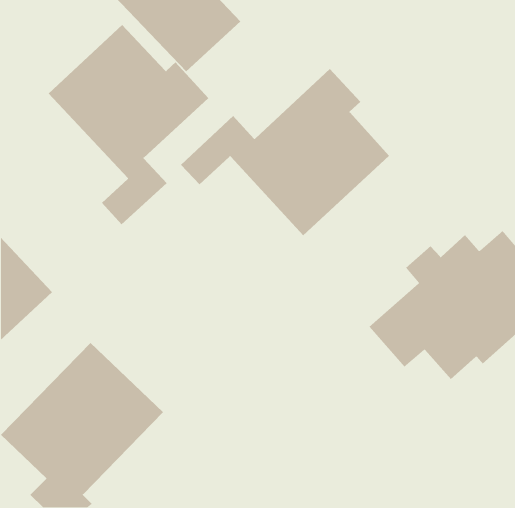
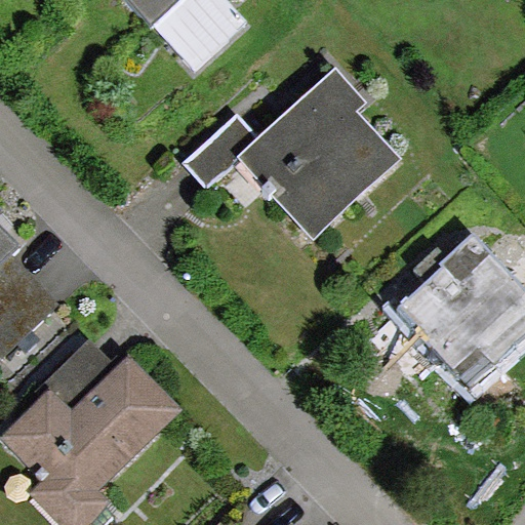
building: [48,24,209,225] -> none

